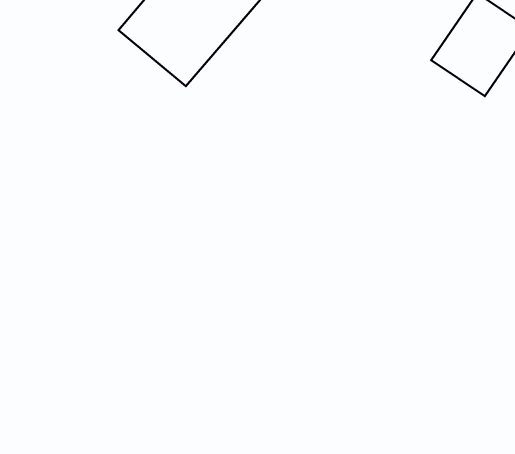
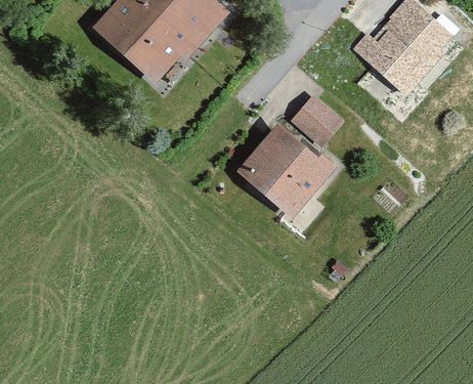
building: none -> [294,96,343,143]
building: none -> [250,133,325,209]

